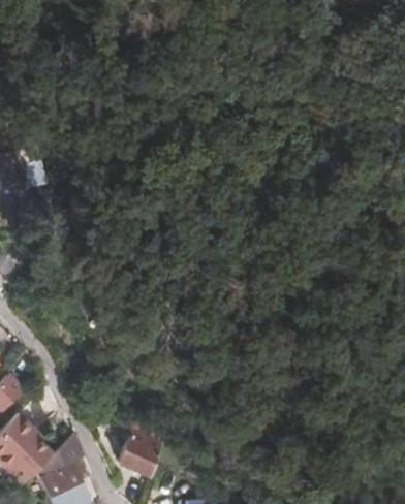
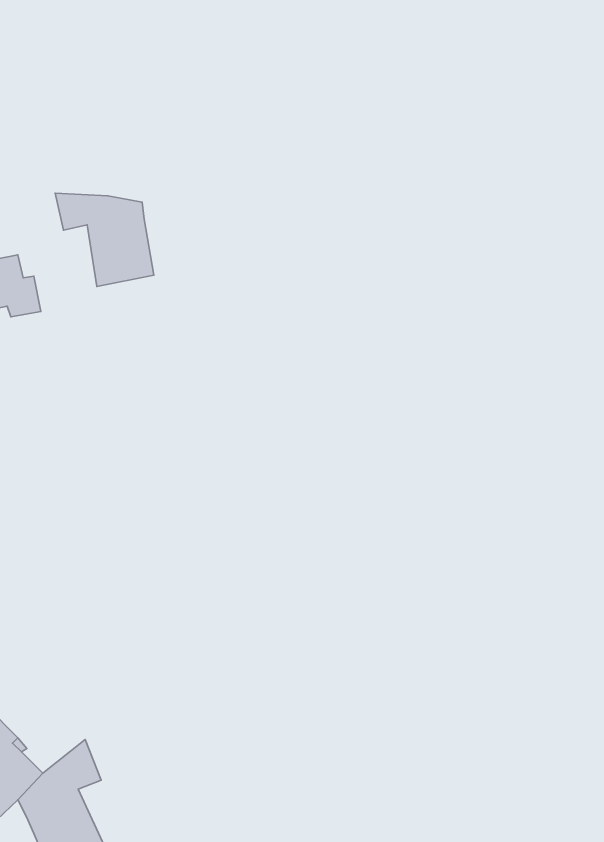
building: none -> [55,193,154,286]
building: [121,421,169,478] -> none

